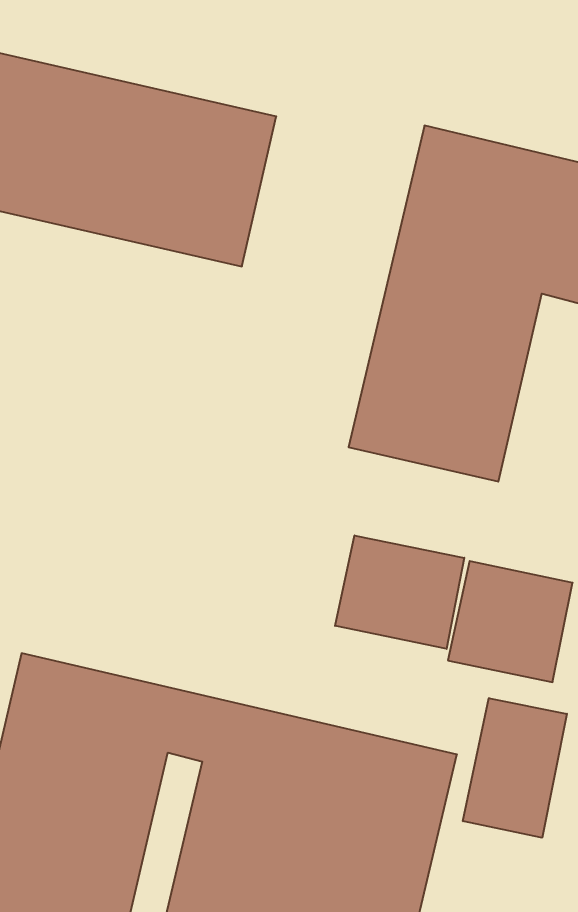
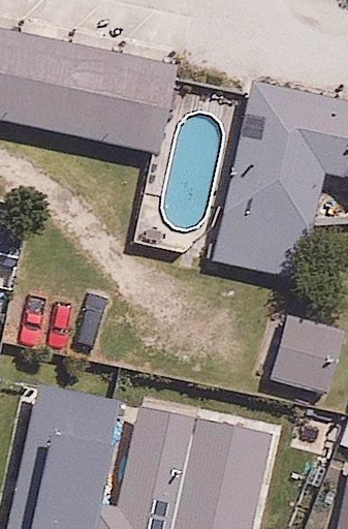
building: [335,535,464,649] -> none
building: [463,698,567,838] -> none

